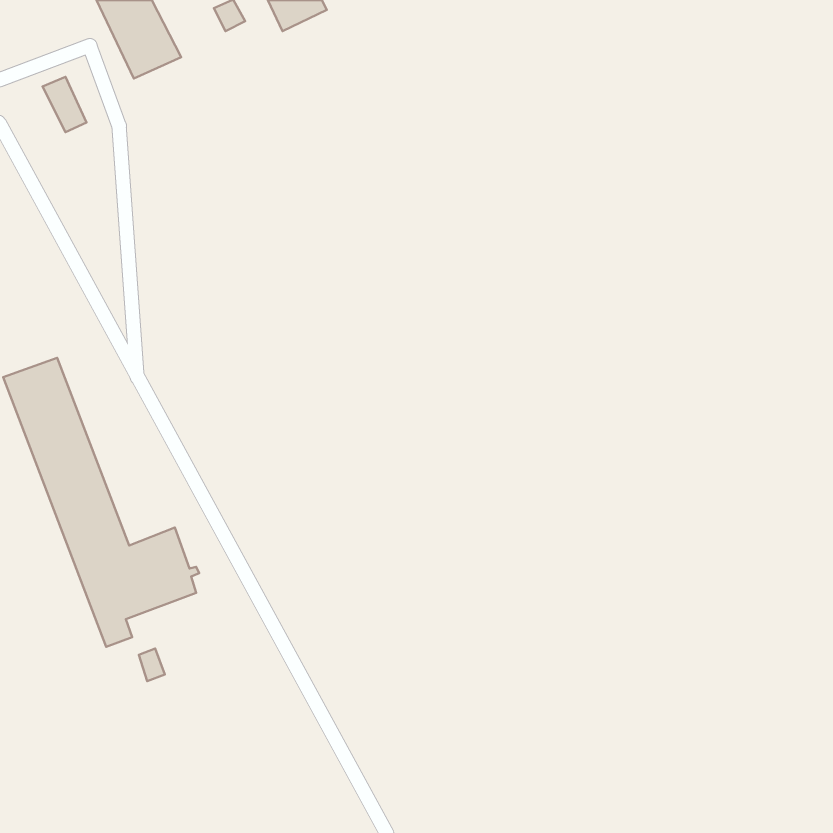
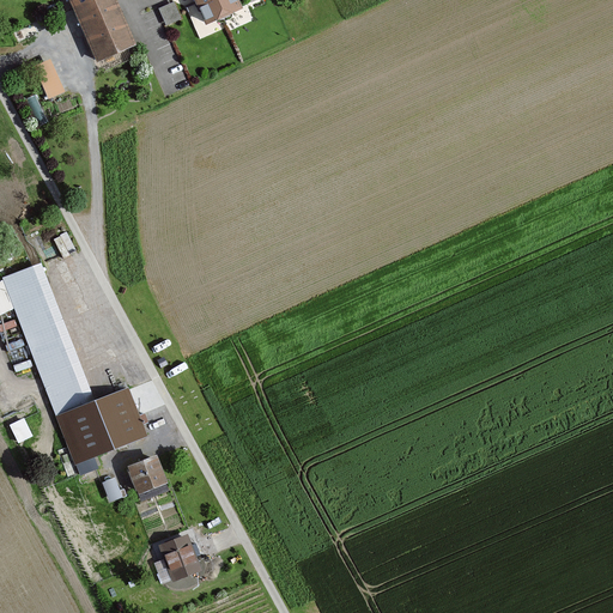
building: none -> [131,456,169,492]
building: none -> [160,536,201,581]

